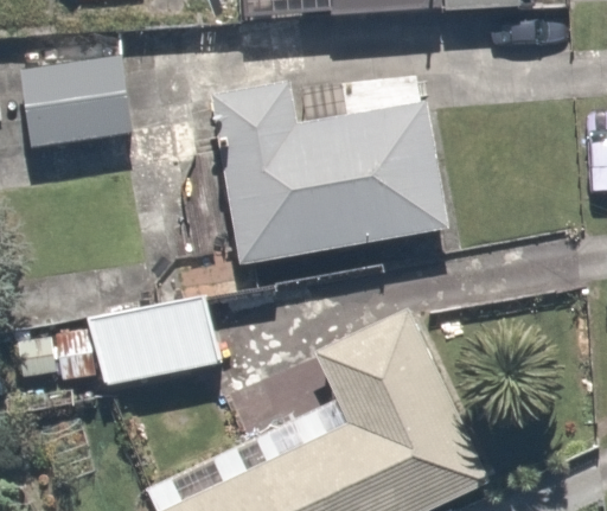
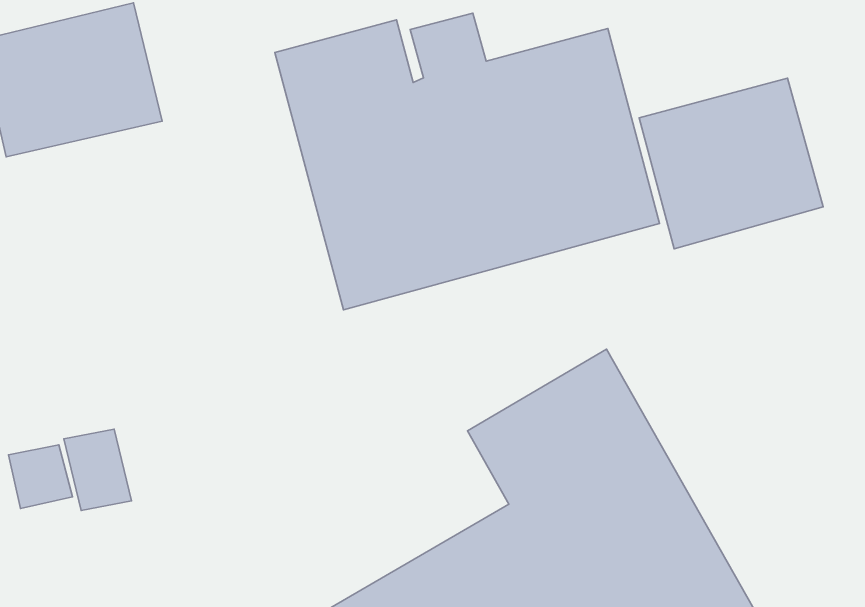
building: none -> [639,78,823,249]
building: [88,295,218,388] -> none

